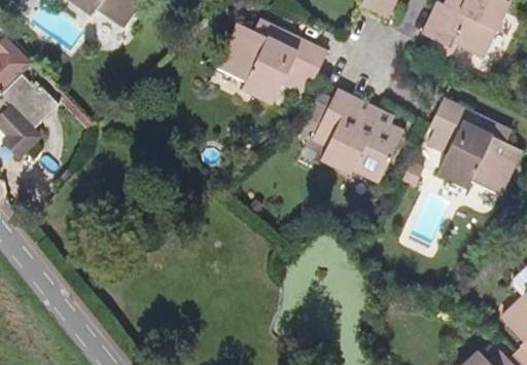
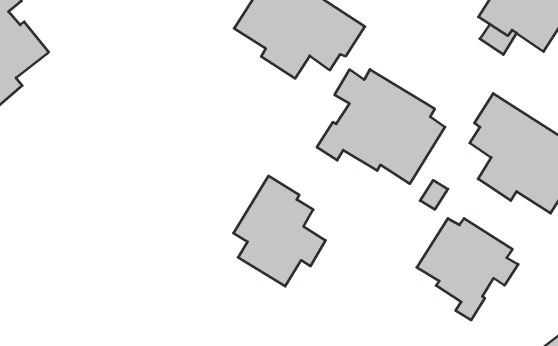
building: none -> [233,176,326,286]
building: none -> [417,218,518,320]

